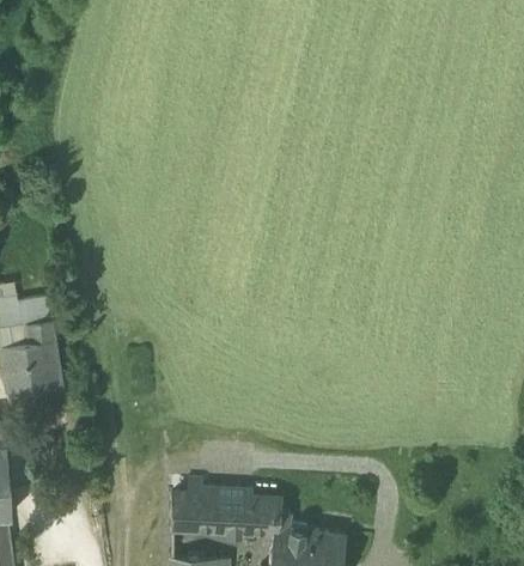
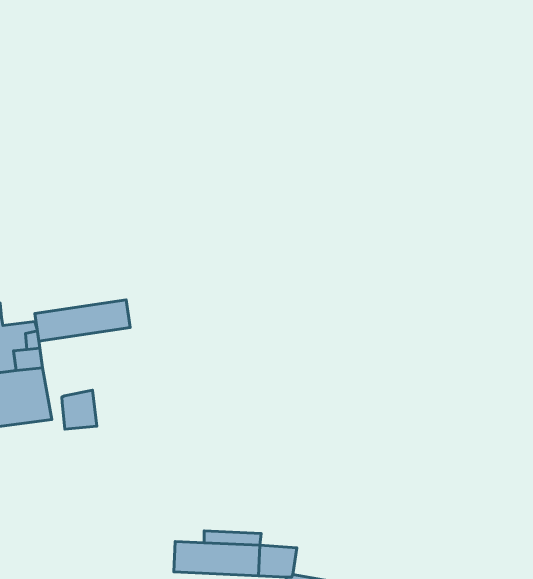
building: none -> [35,300,130,341]
building: none -> [62,390,97,429]

